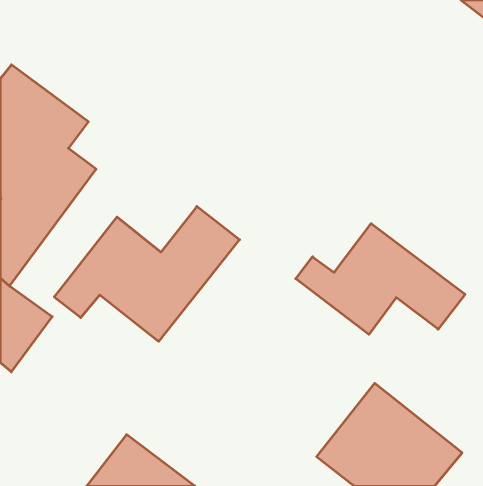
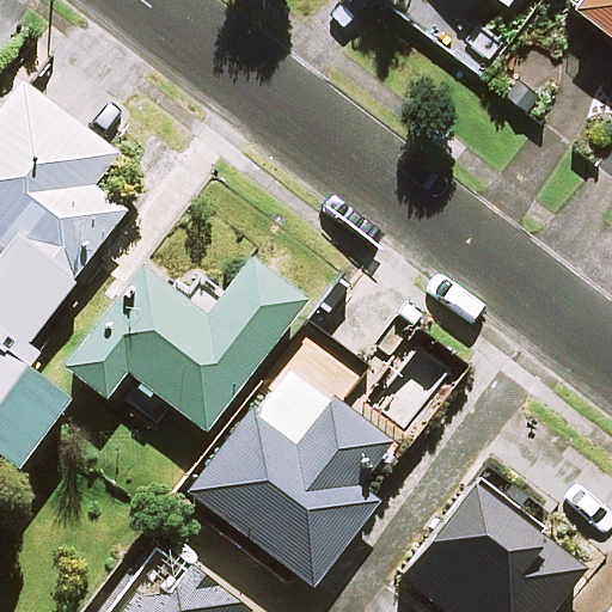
building: [296,224,465,334] -> none
building: none -> [192,363,390,586]

